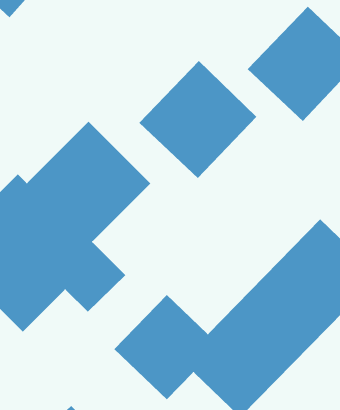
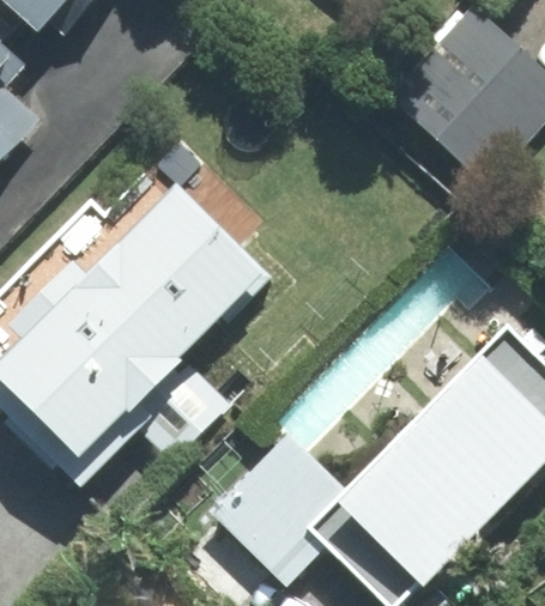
building: [138,60,257,179] -> none

